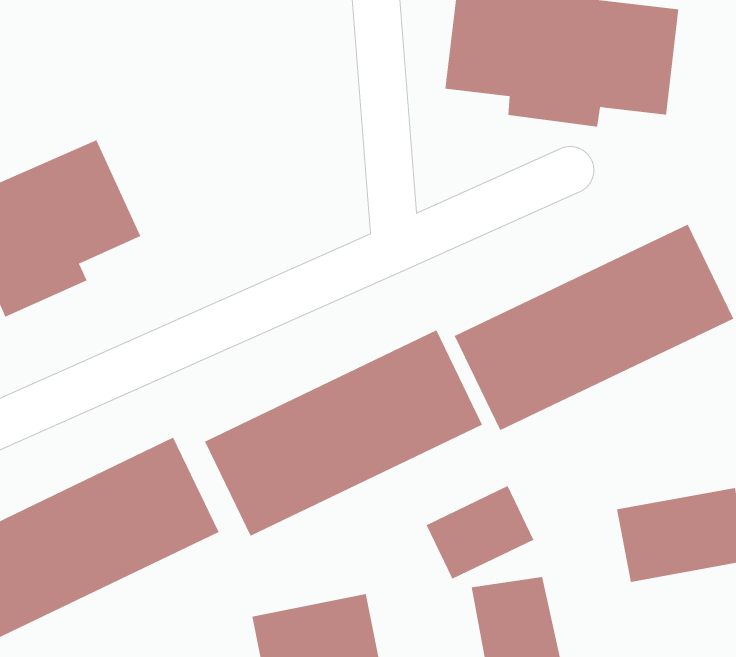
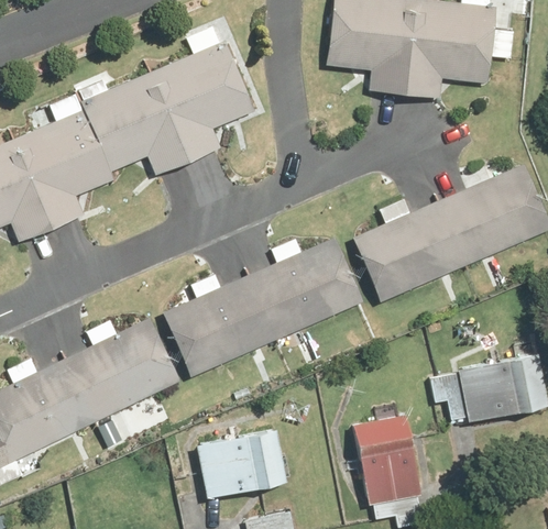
building: none -> [90,36,267,170]
building: [426,485,534,579] -> none

